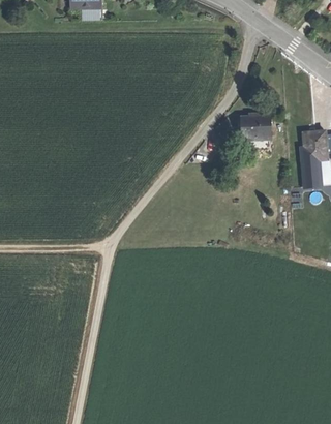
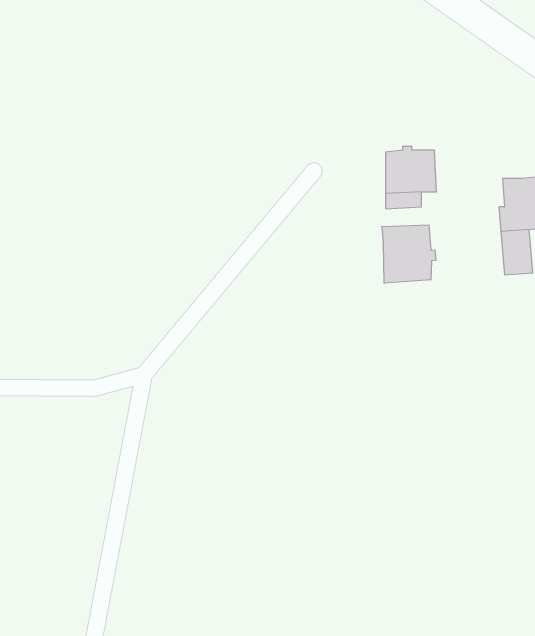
building: none -> [382,225,436,283]

